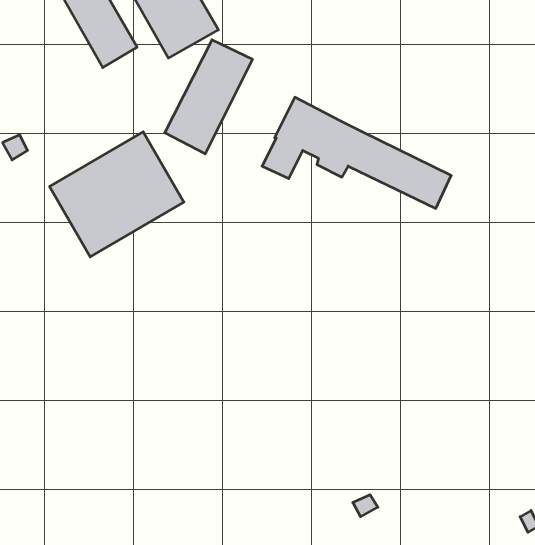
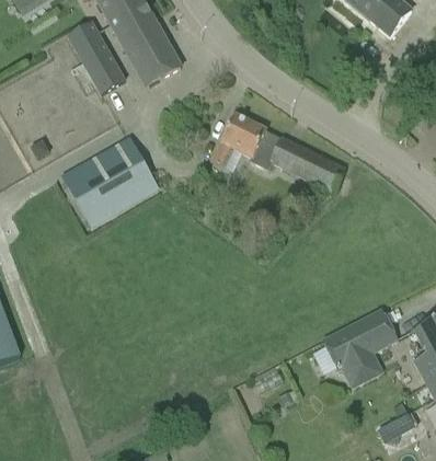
building: [165,40,252,154] -> none
building: none -> [323,309,397,385]

